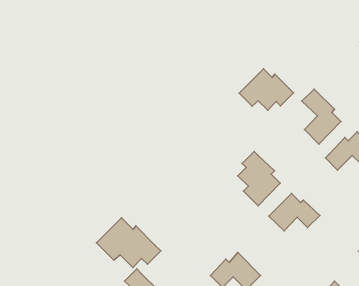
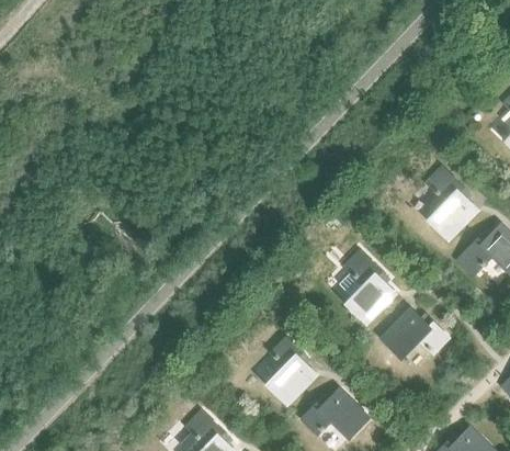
building: [239,69,294,110] -> none
building: none -> [267,338,316,406]
building: [97,218,161,267] -> none

